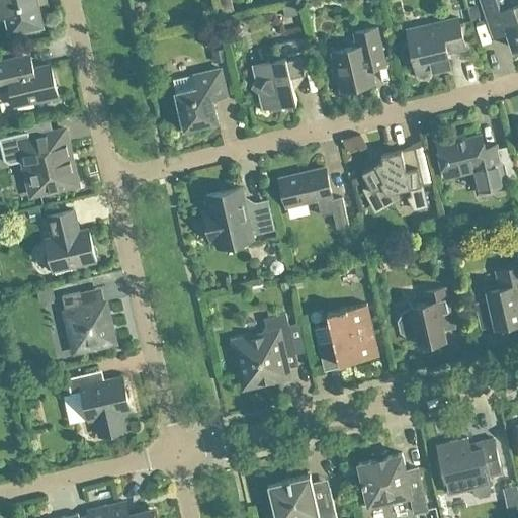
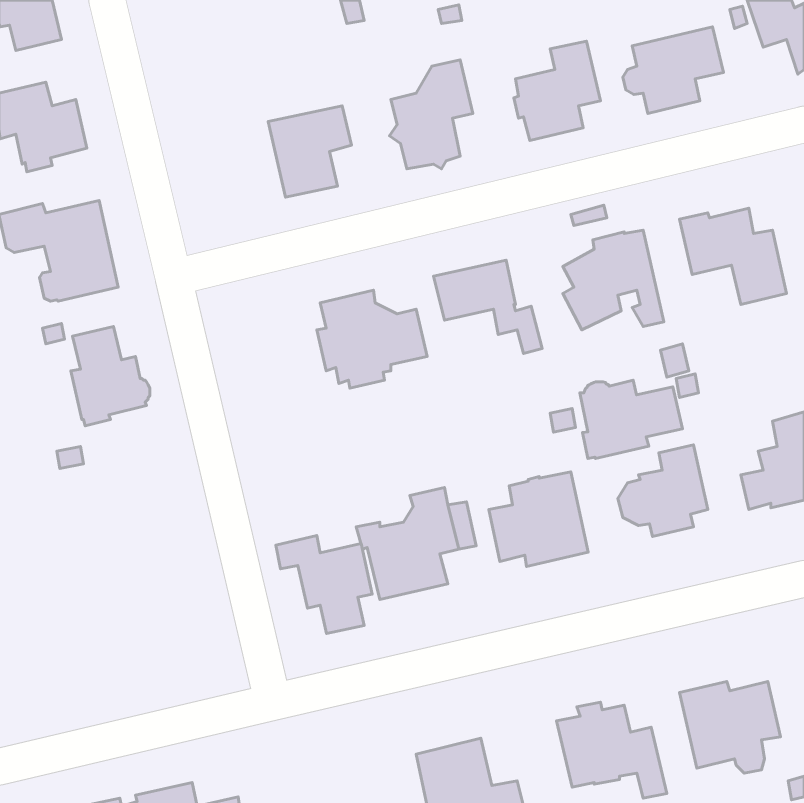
building: none -> [580,380,682,459]
building: [61,293,113,352] -> none
building: [67,373,128,436] -> [276,536,372,633]

